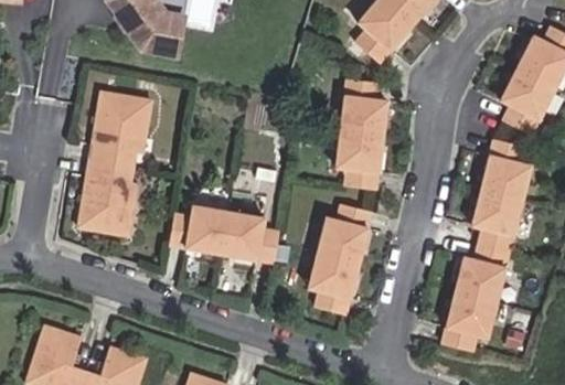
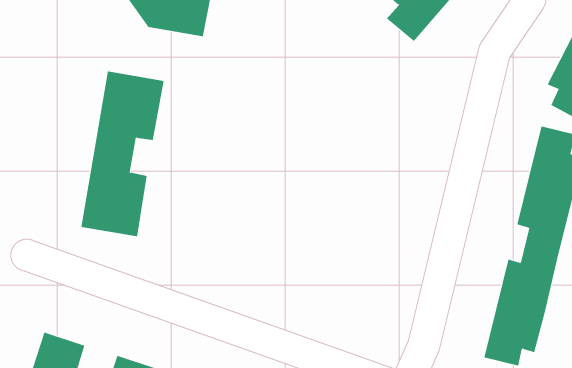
building: [335,76,390,186] -> none
building: [306,206,370,317] -> none
building: [167,207,277,267] -> none

